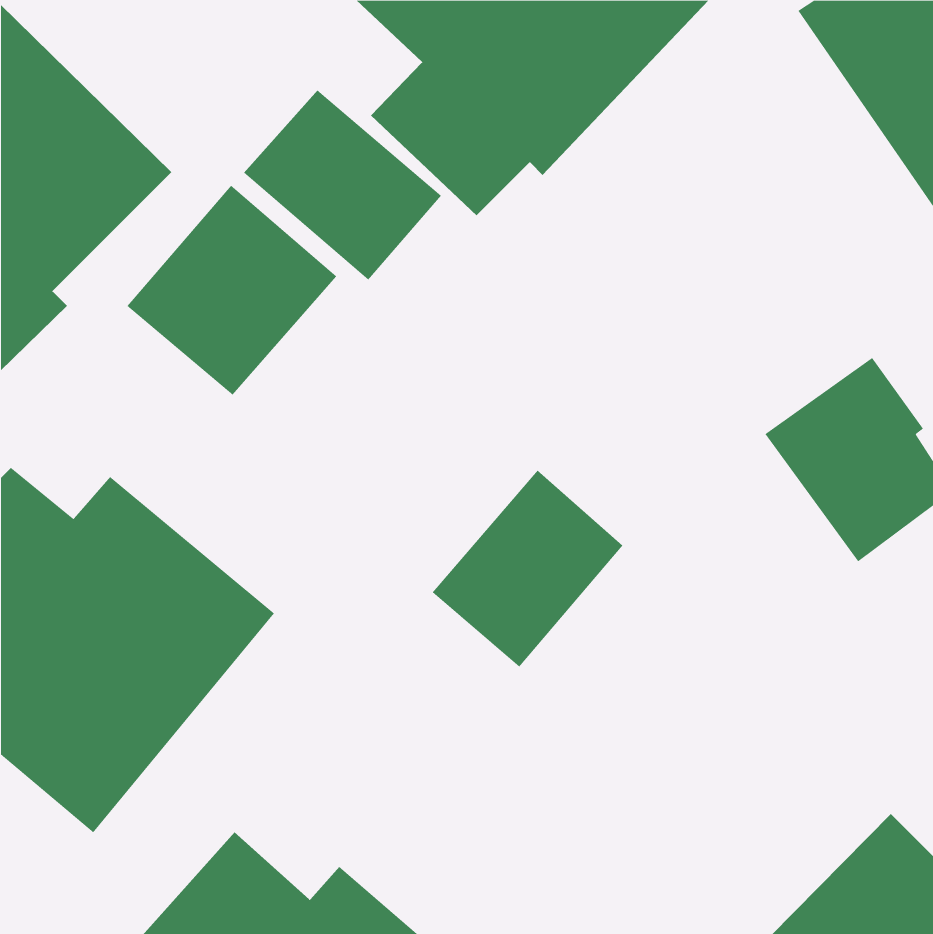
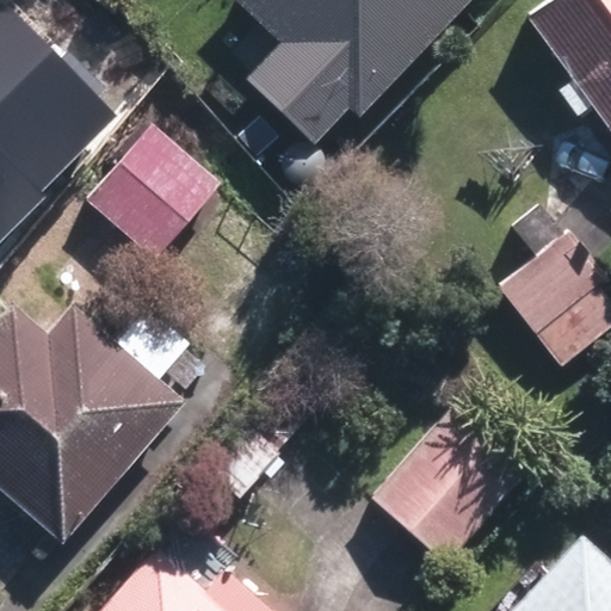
building: [243,89,442,281] -> none
building: [432,470,623,668] -> none
building: none -> [372,403,530,562]

